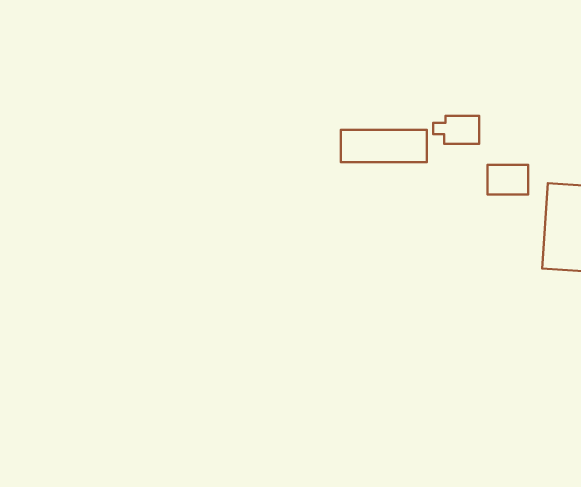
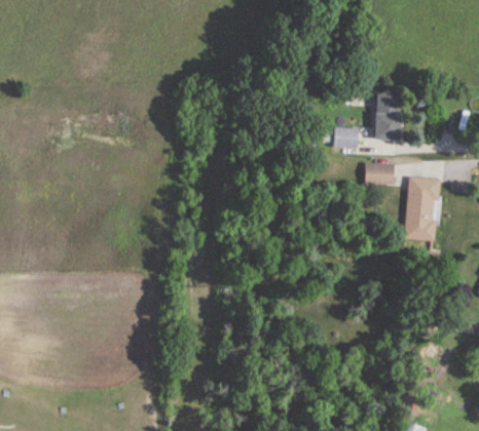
building: none -> [375,91,400,139]
building: [341,130,427,162] -> none

